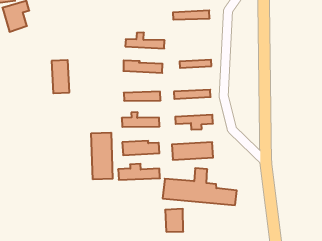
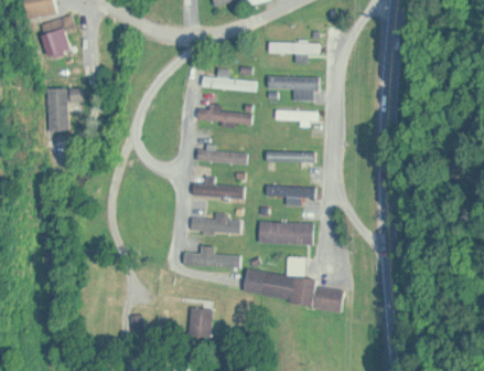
building: none -> [267,76,316,100]
building: [52,60,69,93] -> [47,88,69,132]
building: [91,133,113,179] -> none
building: [165,209,183,232] -> [189,309,213,340]

